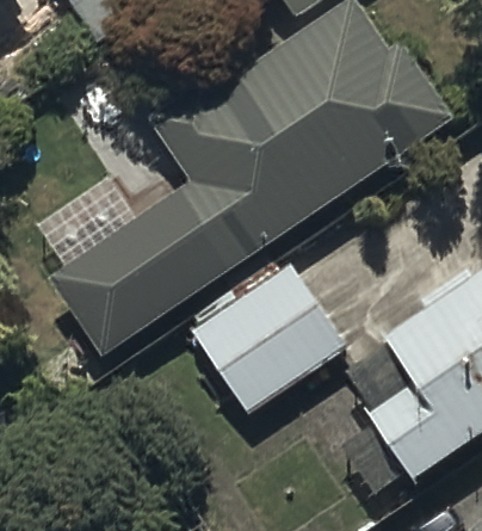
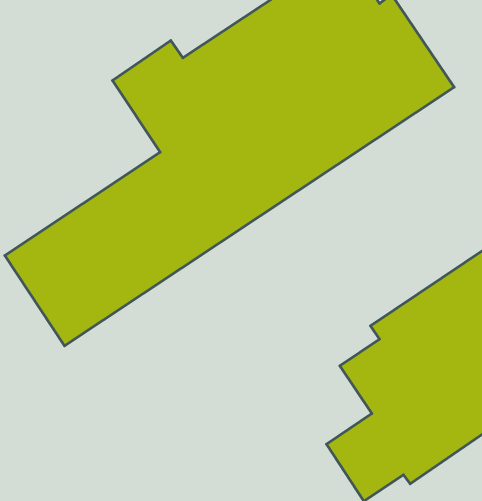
building: [190,260,345,410] -> none

